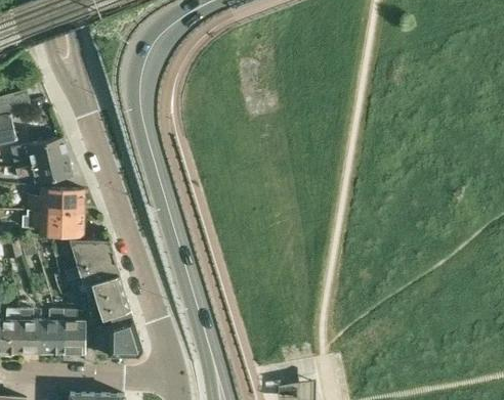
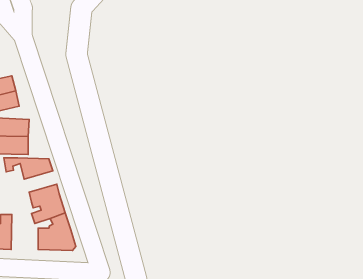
building: [64,255,119,282] -> none
building: [61,309,84,353] -> none

